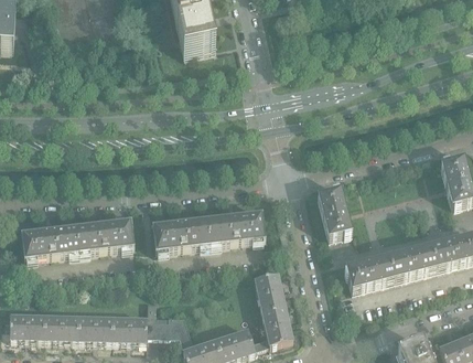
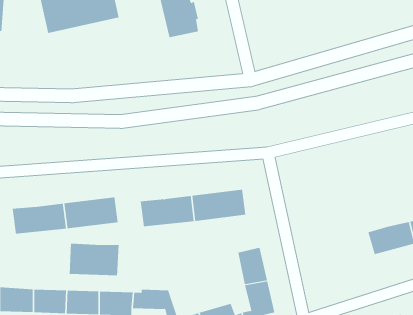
building: [316,186,351,236] -> none
building: [344,255,394,289] -> none
building: none -> [69,243,119,276]

